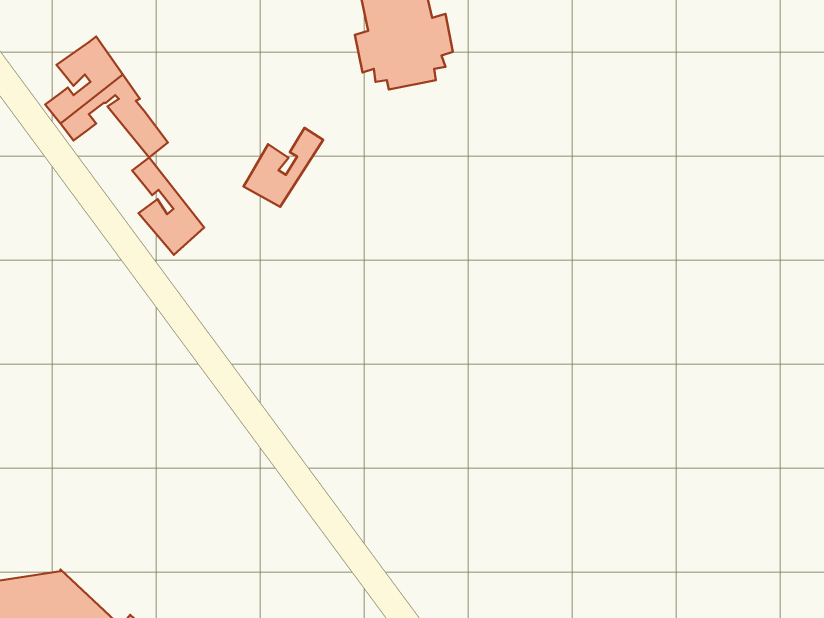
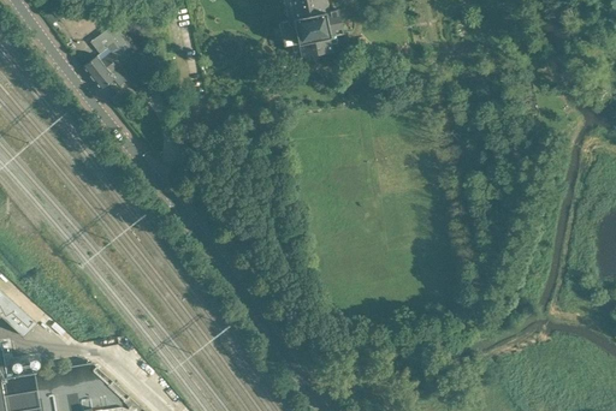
building: [244,128,323,207] -> none
building: [132,158,204,255] -> none

